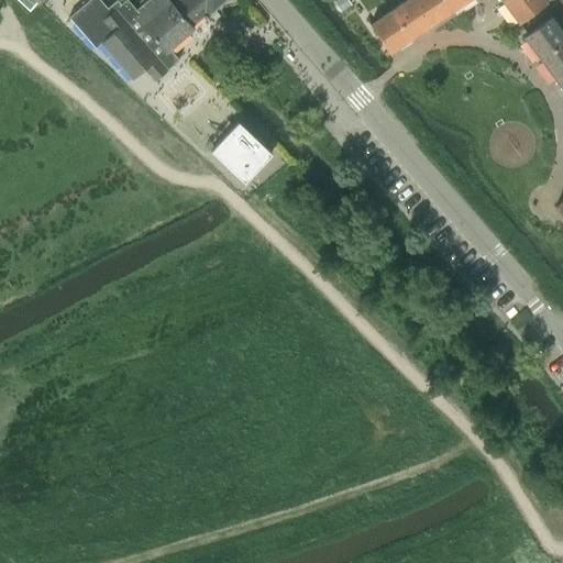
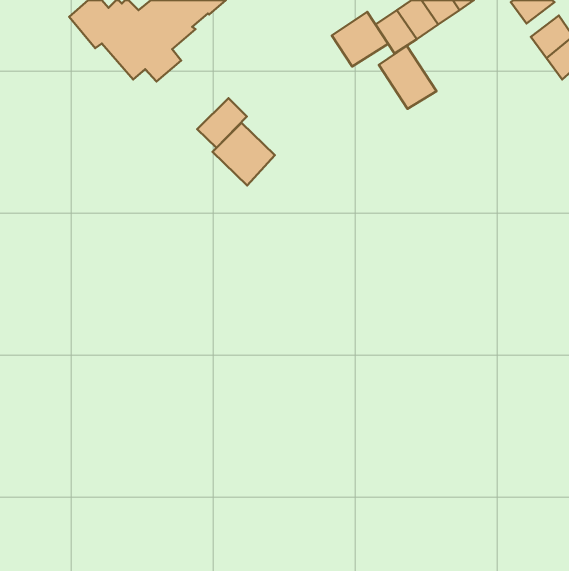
building: none -> [332,12,388,66]
building: none -> [379,46,437,109]
building: none -> [197,98,247,148]

